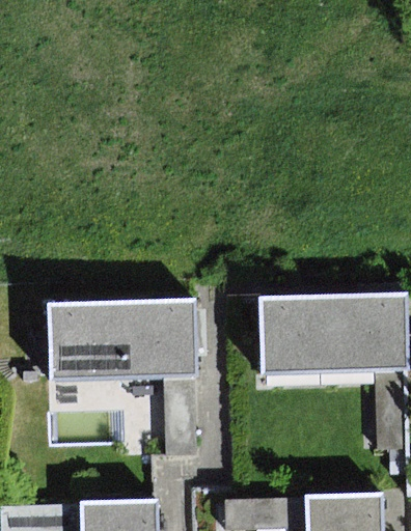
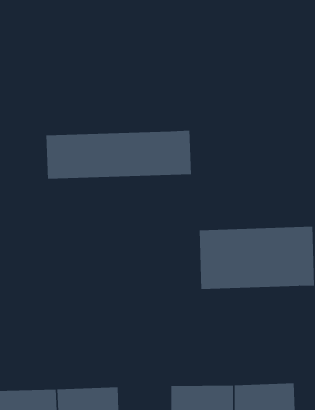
building: none -> [46,130,192,179]
building: [48,300,197,381] -> none

